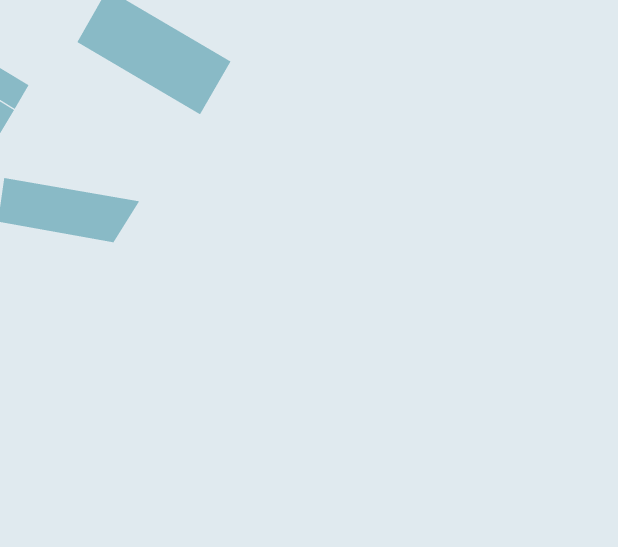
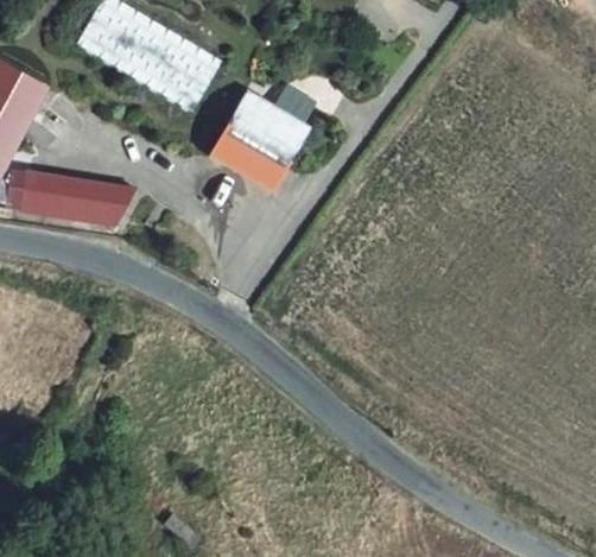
building: none -> [207,83,316,196]

